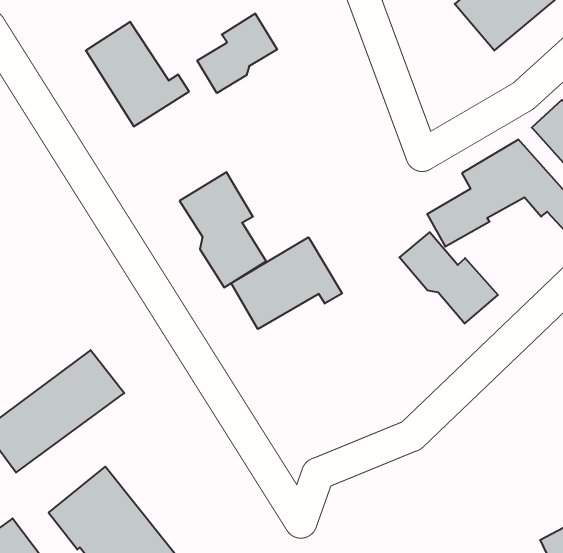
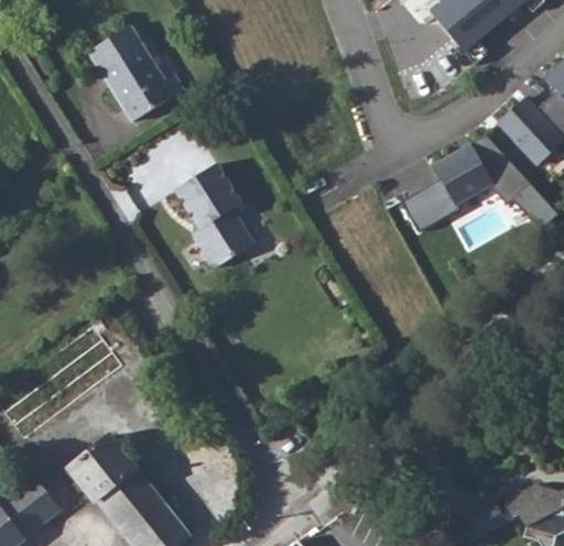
building: [197,13,277,93] -> none
building: [399,232,498,324] -> none
building: [231,237,342,329] -> none

